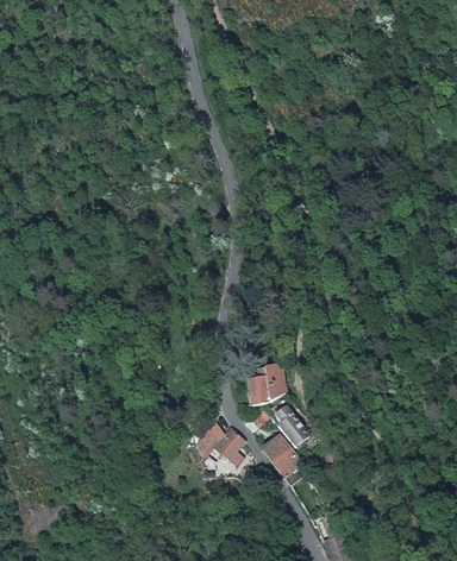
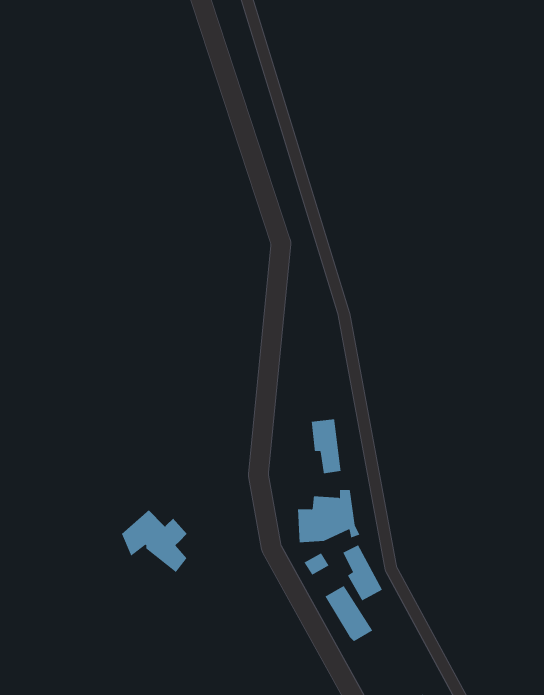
building: none -> [311,418,341,474]
building: [194,426,243,472] -> [121,510,188,573]

